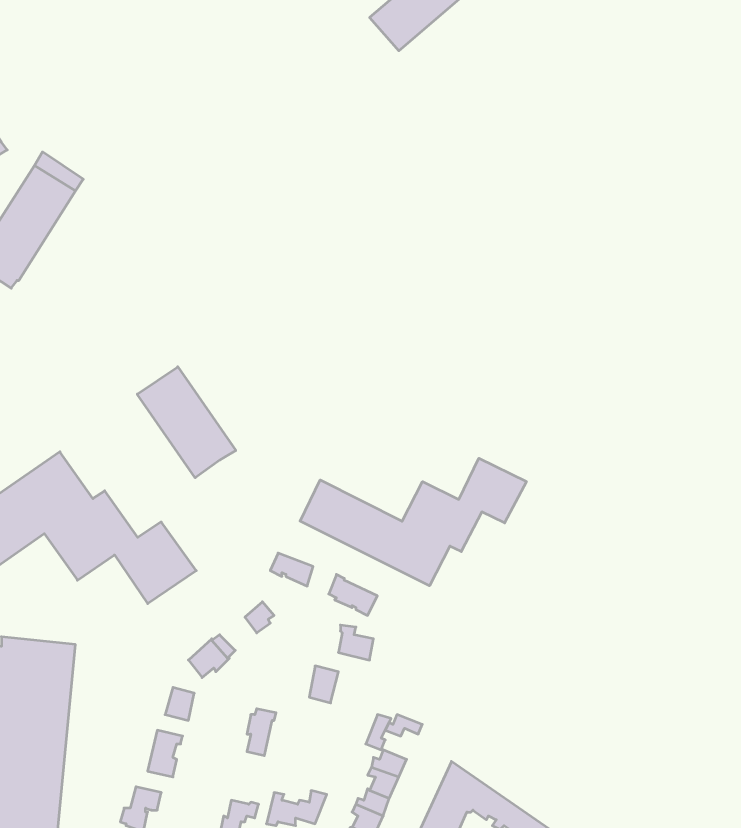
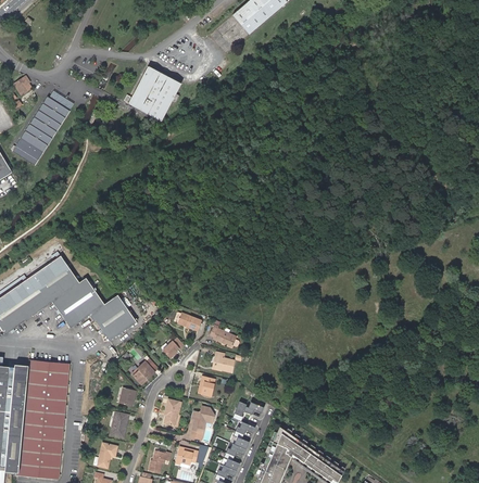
building: none -> [129,65,181,118]
building: [137,367,236,478] -> none
building: [300,458,526,586] -> none
building: none -> [191,406,215,440]

